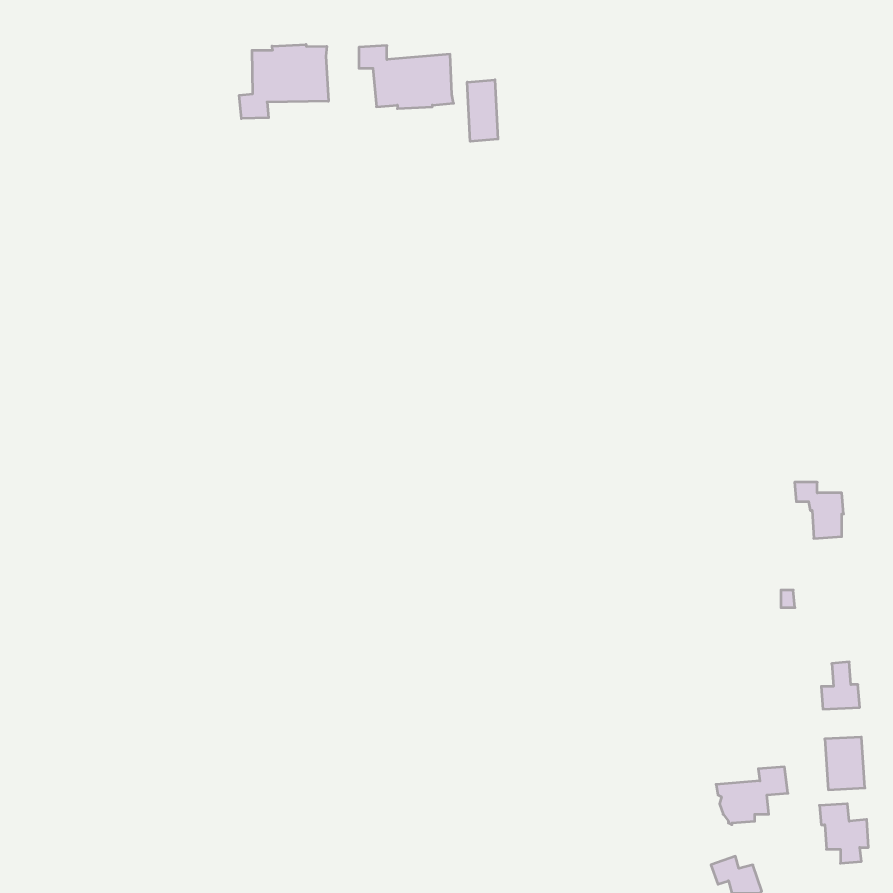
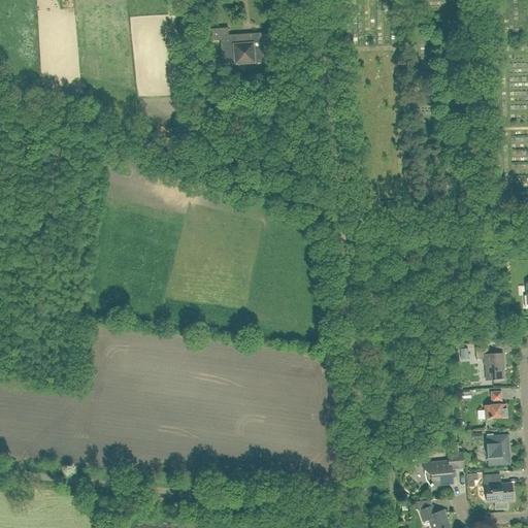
building: [239,44,328,119] -> none
building: [467,80,498,141] -> none
building: [795,482,844,538] -> [475,346,504,380]

